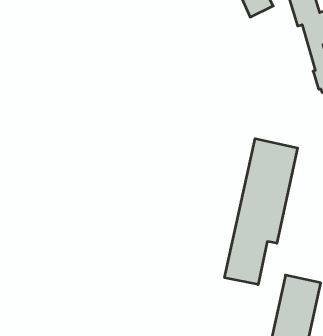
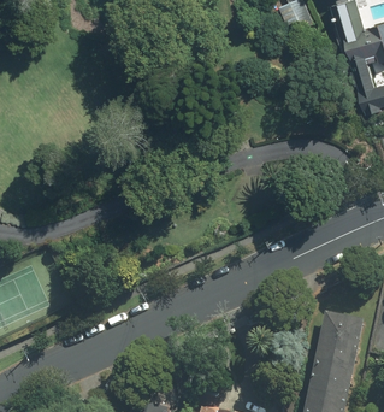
building: [225,139,298,285] -> none

